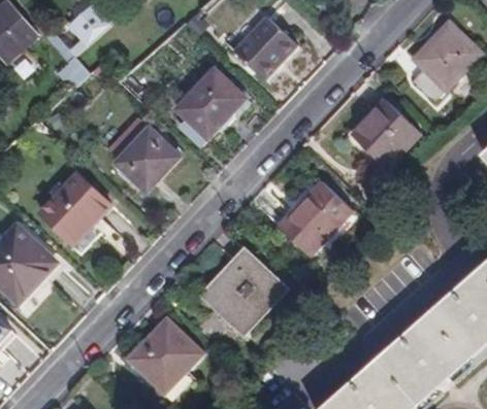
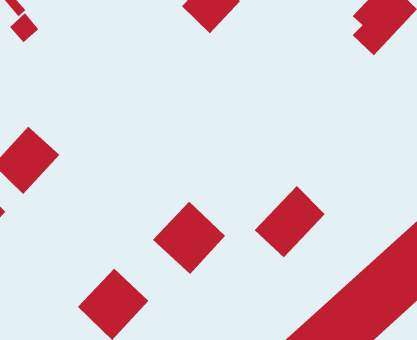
building: [175,68,244,136] -> none
building: [351,99,420,167] -> none
building: [117,127,176,190] -> none
building: [277,180,351,255] -> [254,185,326,258]

